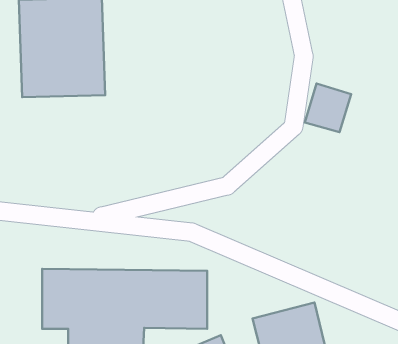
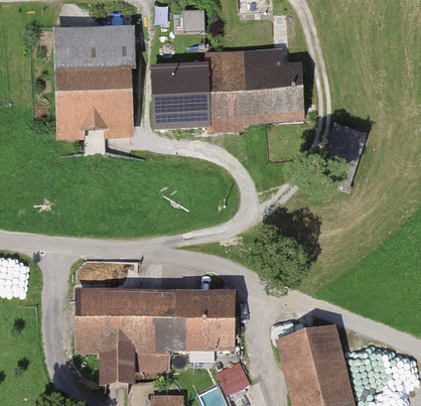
building: none -> [154,53,305,123]

